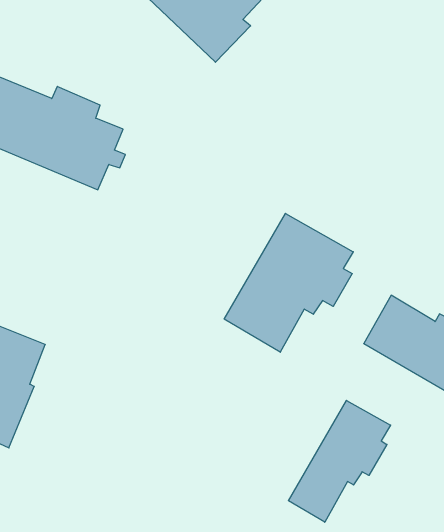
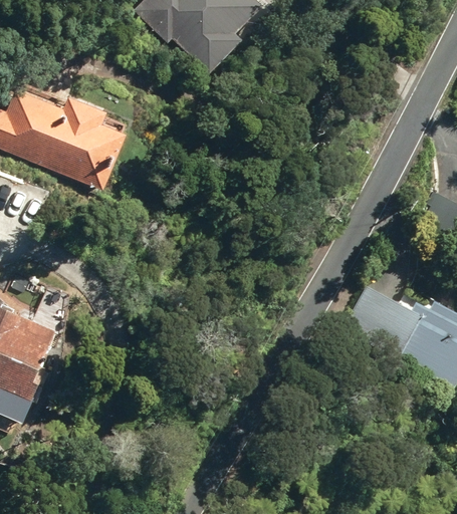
building: [224,213,353,352] -> none
building: [288,400,391,522] -> none

